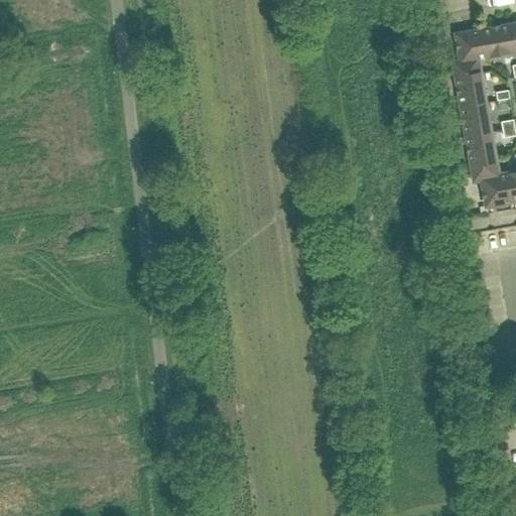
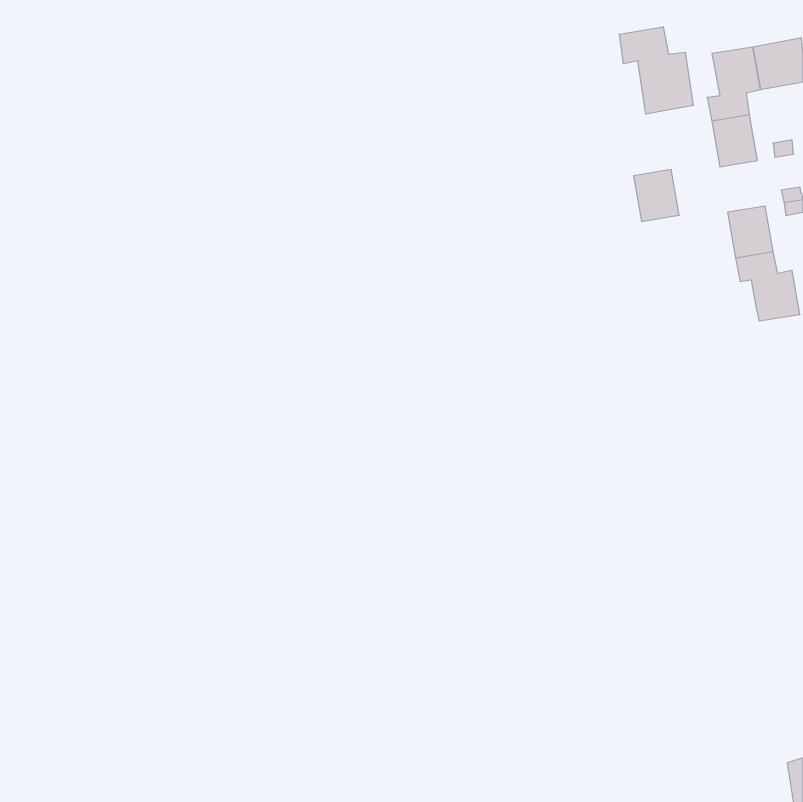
building: none -> [619,27,693,114]
building: [462,104,491,137] -> [634,170,679,221]

